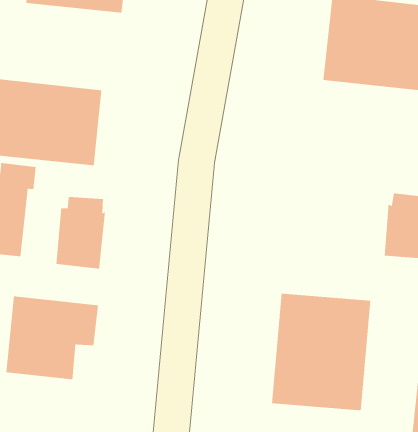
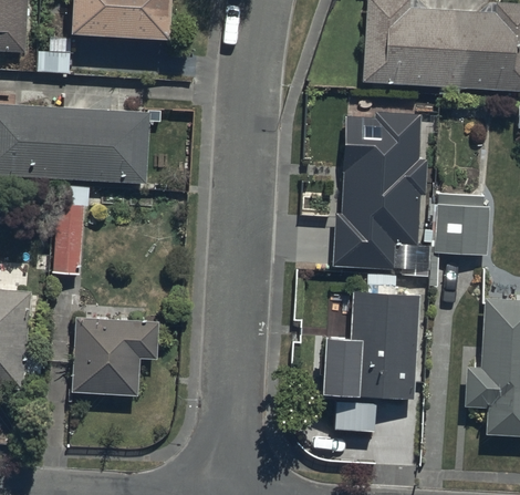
building: none -> [332,112,428,280]
building: [56,196,106,269] -> none

